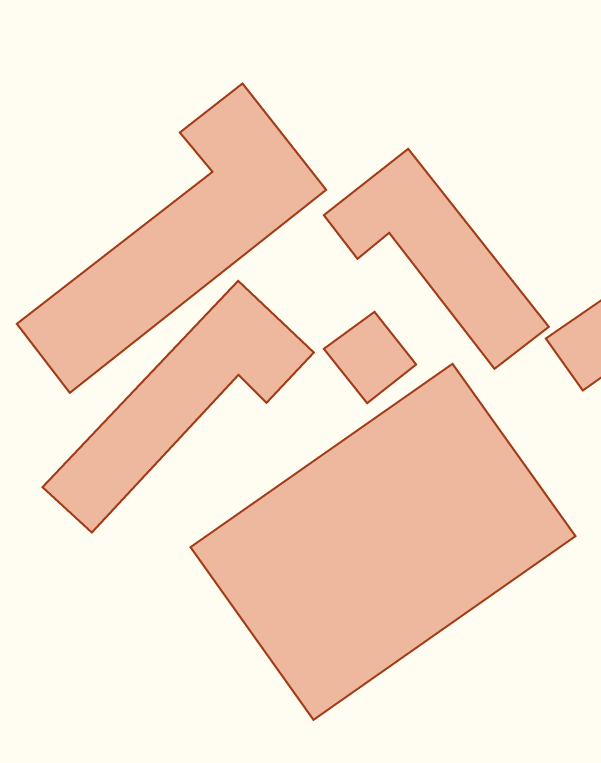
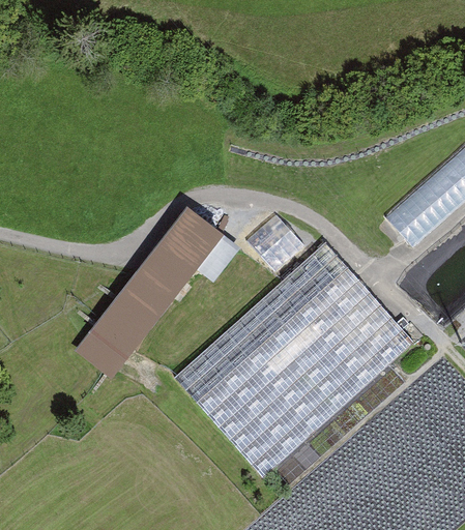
building: [17,84,326,393] -> none
building: [324,149,549,369] -> none

